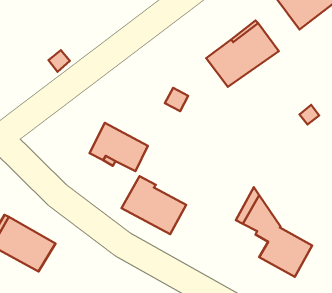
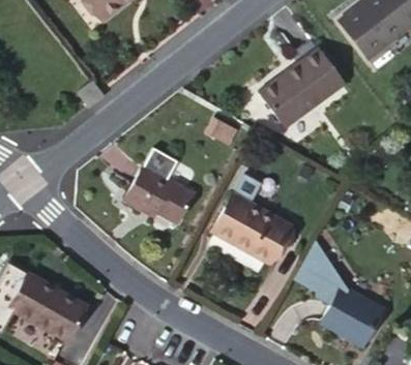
building: [122,176,186,234] -> [214,192,289,260]

